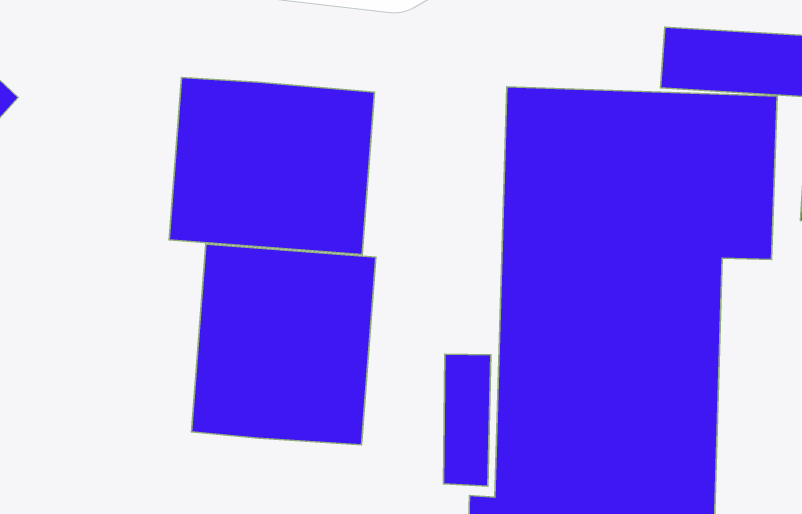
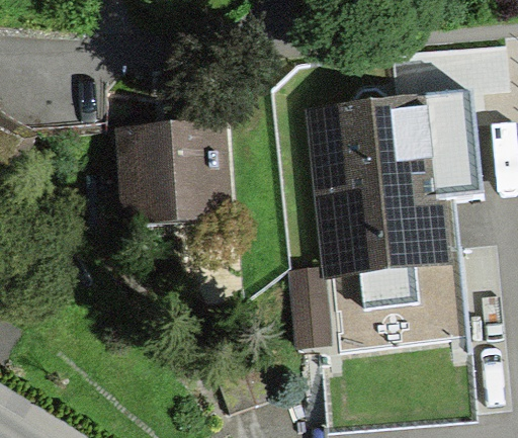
building: [191,244,376,445] -> none

